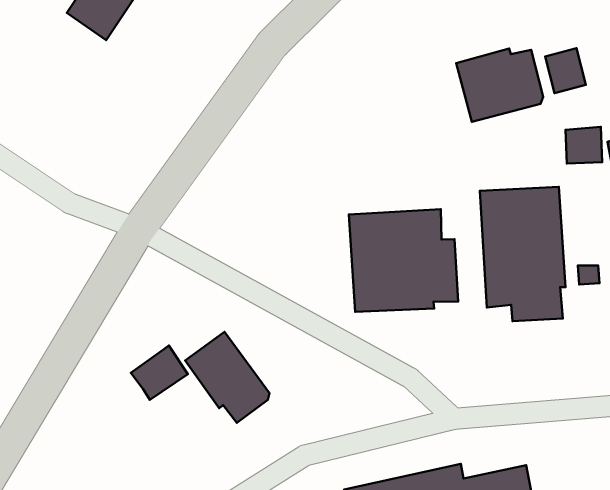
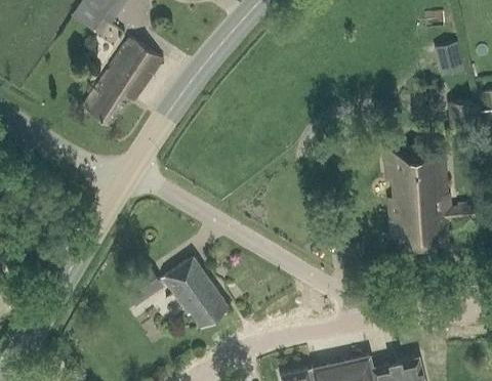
building: none -> [84,39,163,128]
building: [456,48,543,122] -> none
building: [349,209,458,312] -> none

